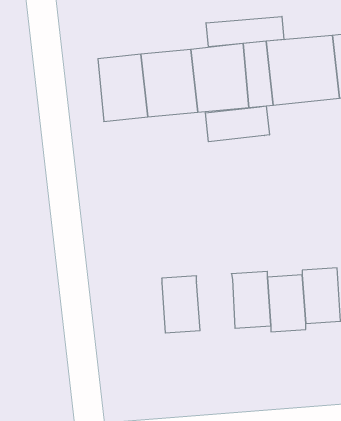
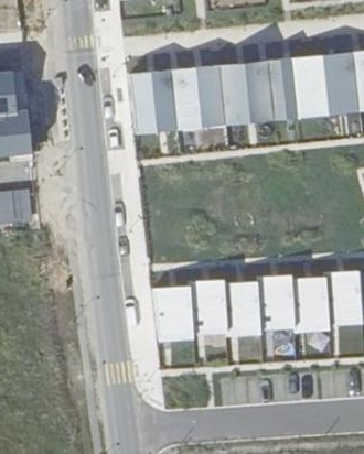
building: [206,16,284,47] -> none
building: [205,106,269,142] -> none
building: none -> [225,284,263,337]
building: none -> [153,288,195,342]

